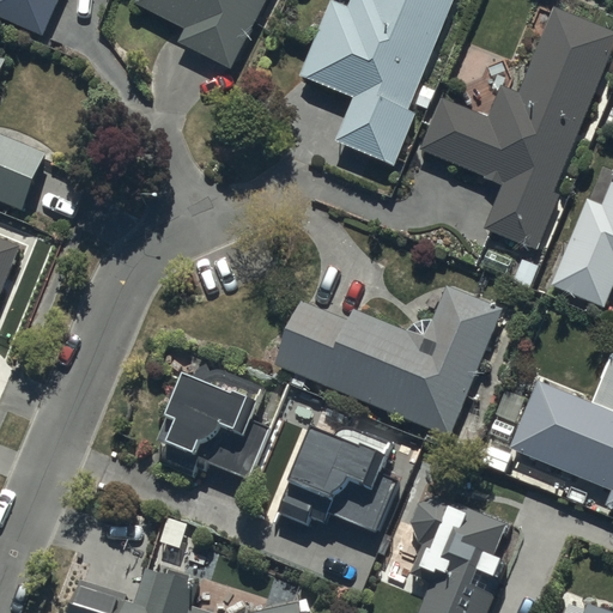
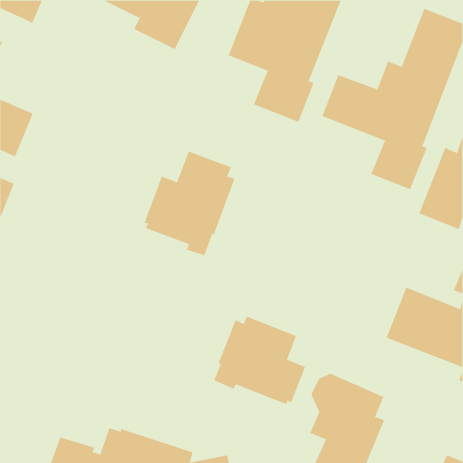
building: none -> [144,151,235,256]
building: [275,285,502,435] -> none
building: [159,345,266,474] -> none

